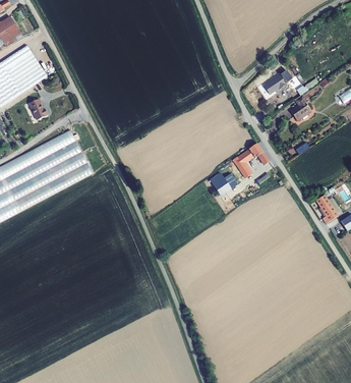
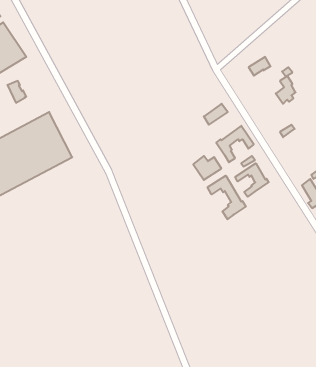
building: none -> [235,163,269,197]
building: none -> [208,176,246,219]

